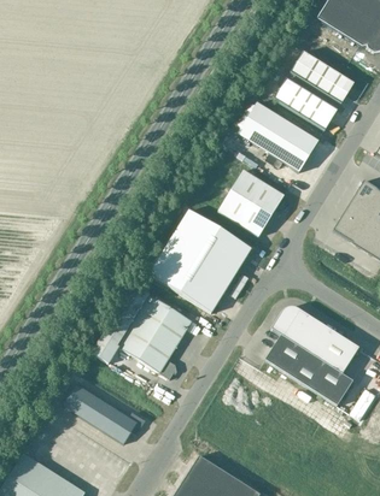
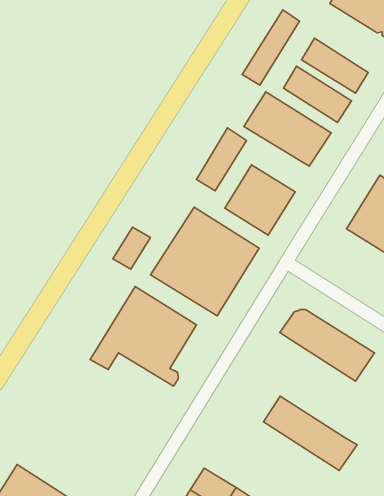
building: none -> [242,10,299,85]
building: none -> [197,128,247,191]
building: none -> [113,227,151,269]
building: [264,335,352,405] -> [264,396,357,470]
building: [62,383,144,442] -> none

